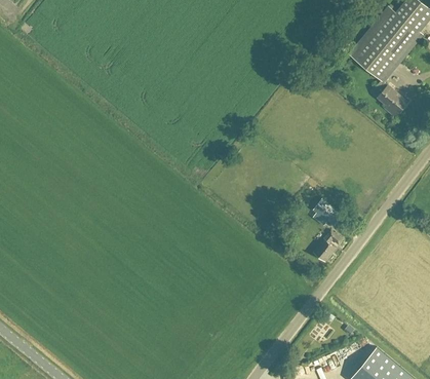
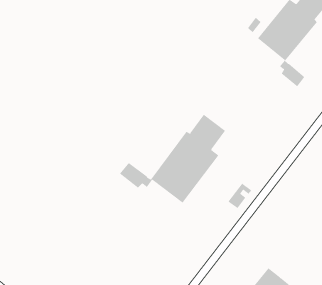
building: none -> [119,114,226,203]
building: [313,199,343,228] -> none

